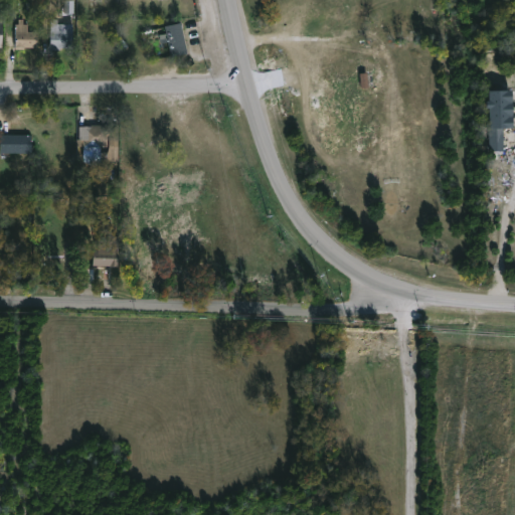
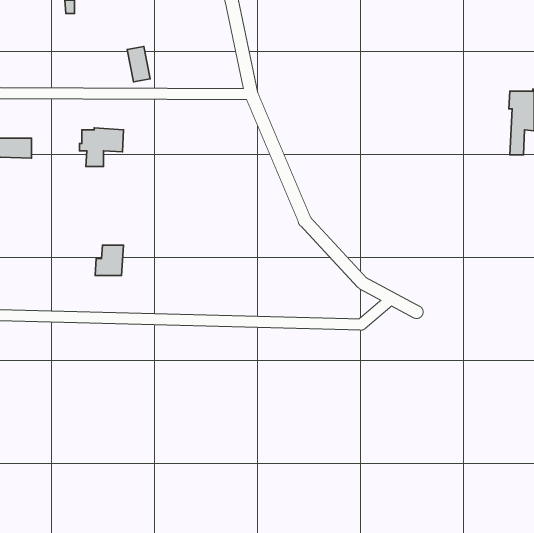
building: [14,21,37,50] -> none
building: [49,21,71,51] -> none
building: [164,24,186,58] -> [127,46,150,82]

